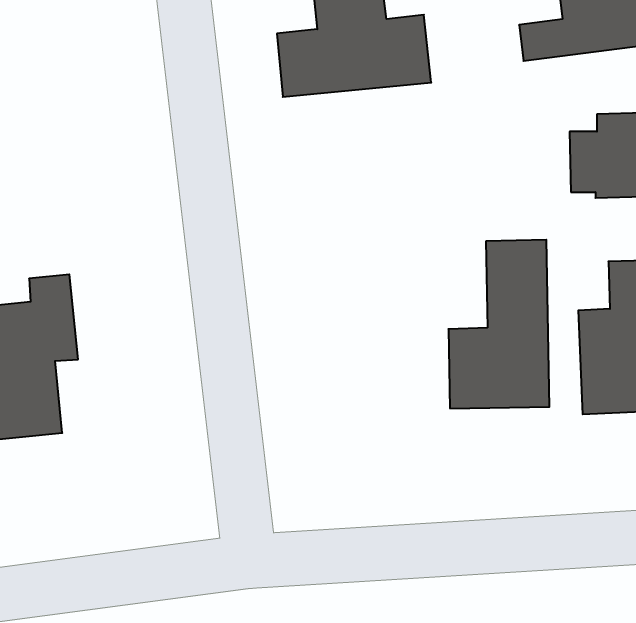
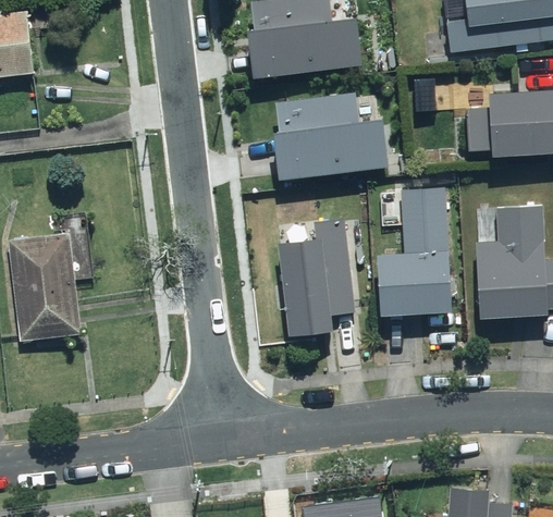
building: none -> [270,99,389,183]
building: none -> [274,219,356,338]

